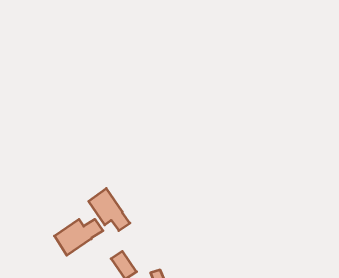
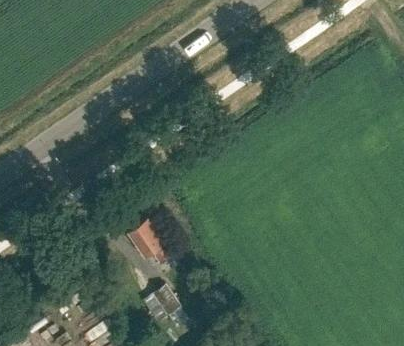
building: [54,219,103,255] -> none

